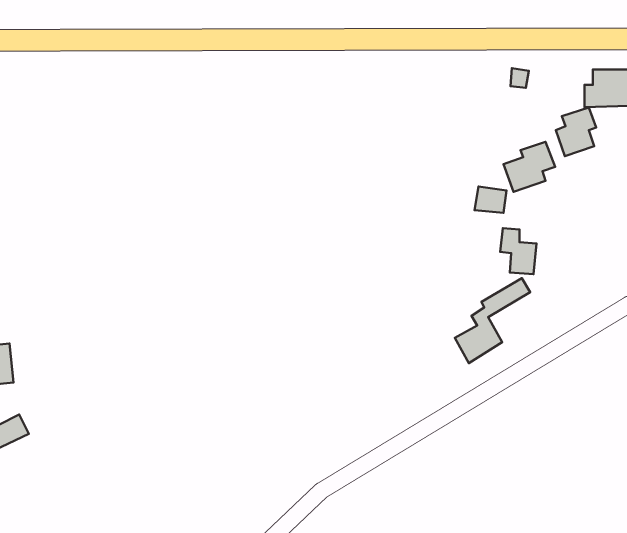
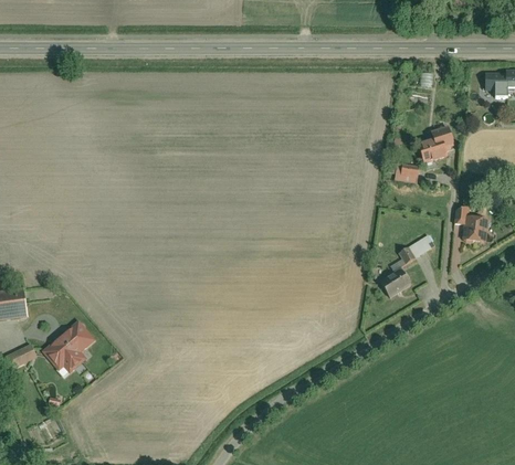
building: [556,107,596,156] -> none
building: [500,228,536,274] -> [456,204,485,241]
building: none -> [41,320,96,379]

